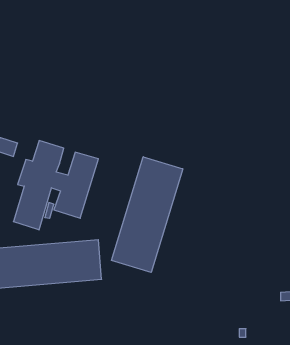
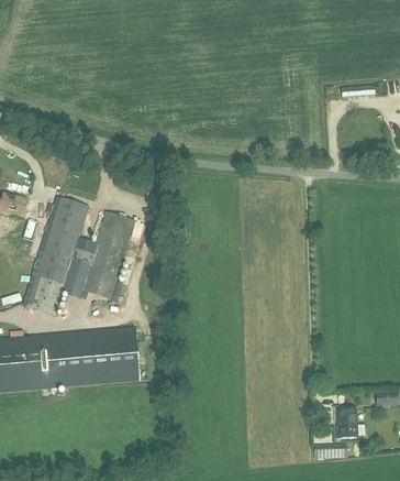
building: [112,157,183,272] -> none
building: none -> [337,407,357,437]

